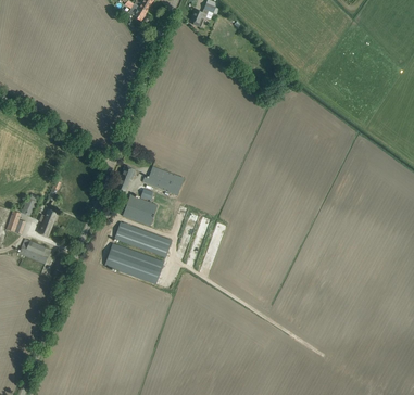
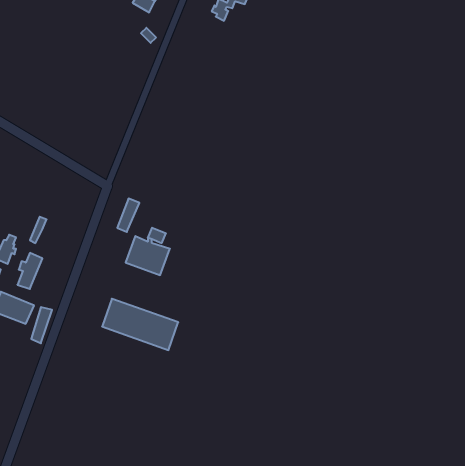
building: [142,166,184,194] -> none
building: [114,221,172,256] -> none

